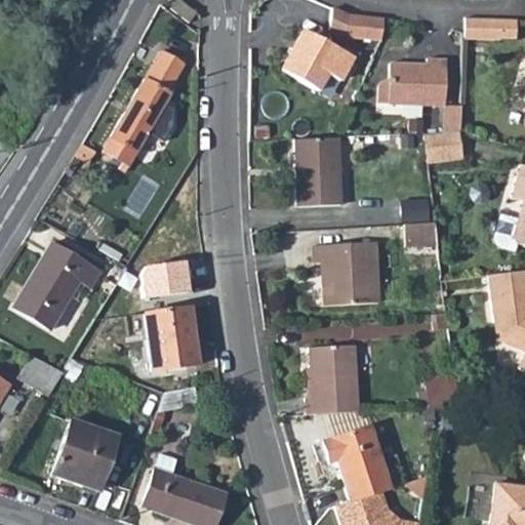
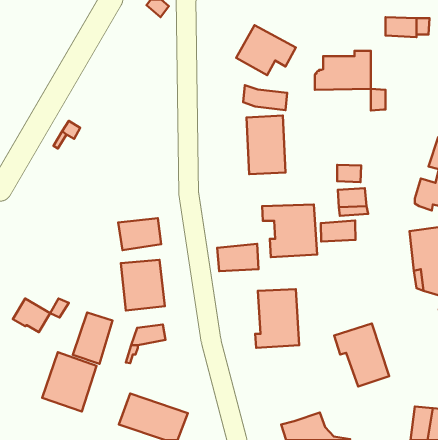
building: [333,9,386,39] -> [243,85,287,110]
building: [106,50,186,169] -> none
building: [423,130,463,162] -> none
building: [14,242,100,329] -> none
building: none -> [321,220,356,241]
building: none -> [217,244,258,271]
building: none -> [73,313,112,364]
building: [324,426,390,500] -> [334,323,389,386]

